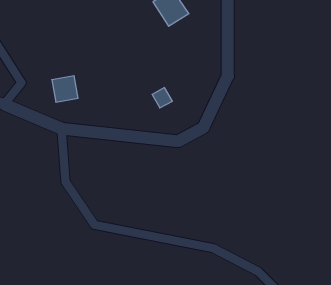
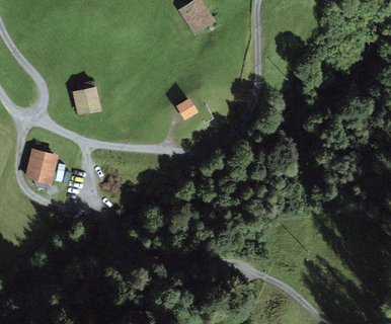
building: none -> [25,148,55,180]

